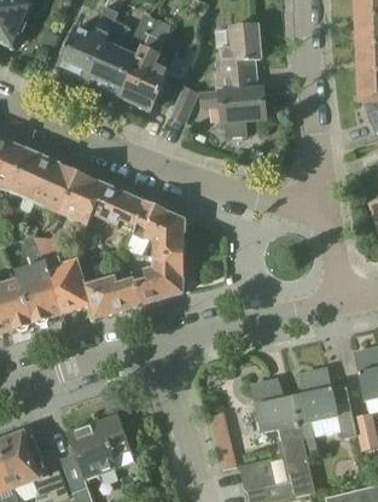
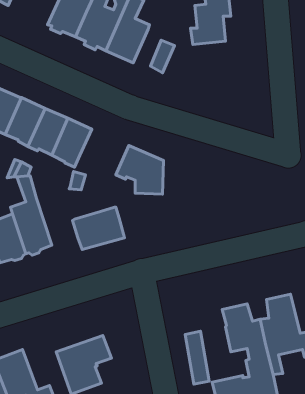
building: [200,84,266,136] -> none
building: [93,183,147,232] -> none
building: [136,255,185,304] -> none
building: [45,256,91,313] -> none

